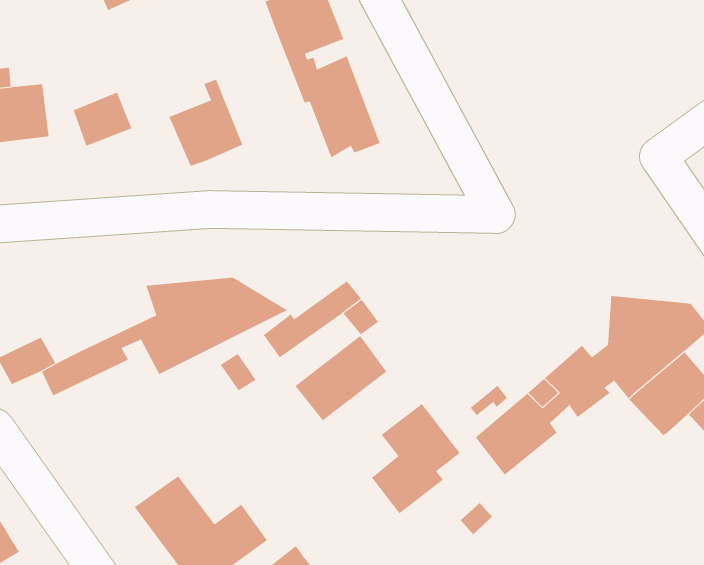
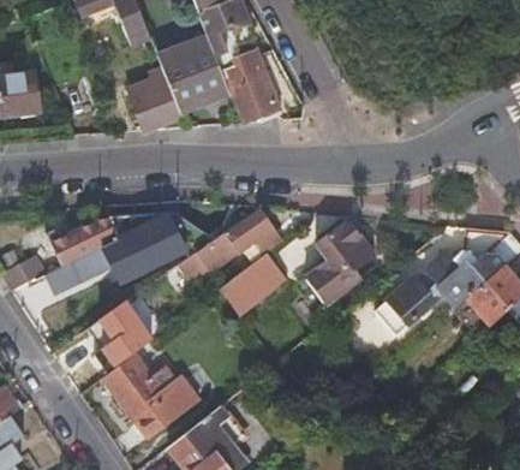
building: none -> [156,32,229,114]
building: none -> [46,216,118,264]
building: none -> [89,302,155,364]
building: [371,403,460,514] -> [309,219,373,299]

